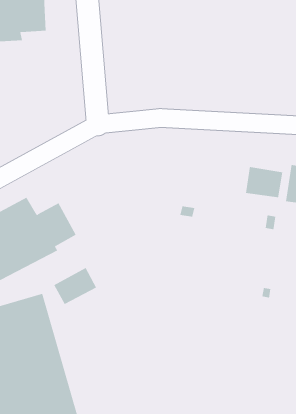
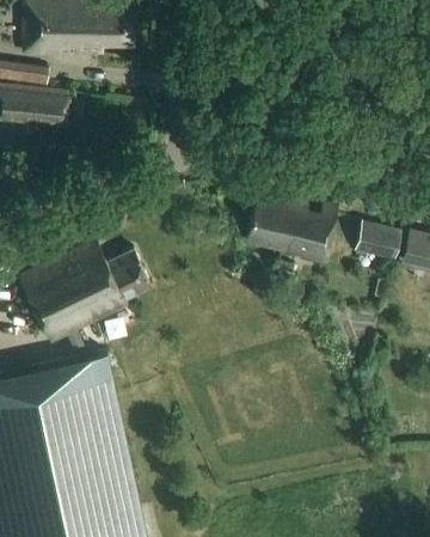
building: none -> [246,193,340,263]
building: [53,267,97,305] -> none

